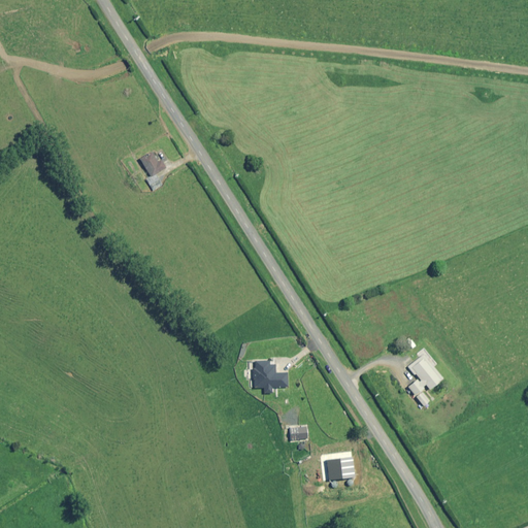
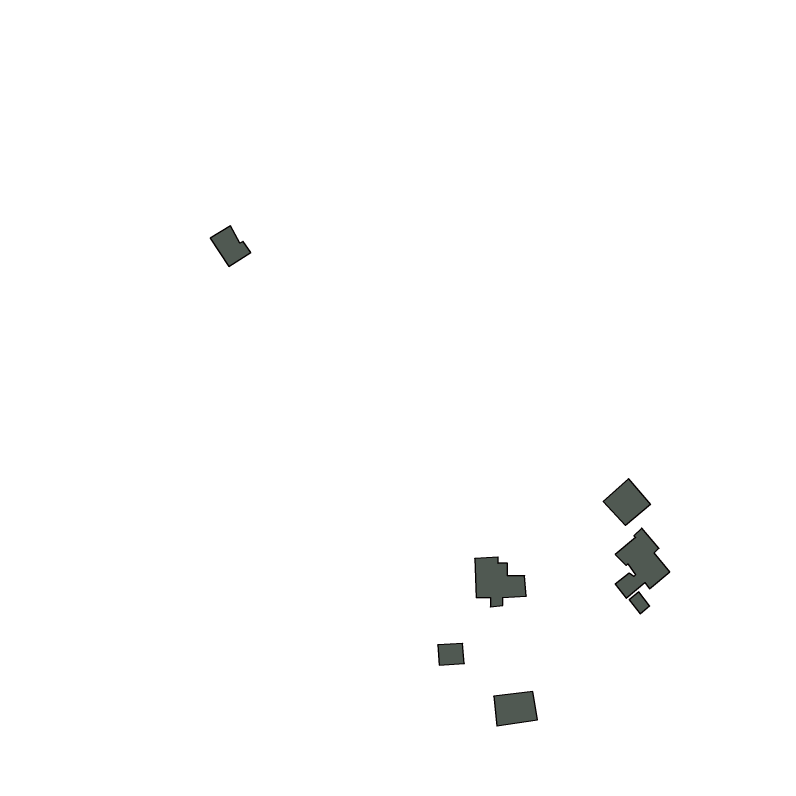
building: none -> [603,479,650,525]
building: [254,361,288,394] -> [475,557,526,607]

